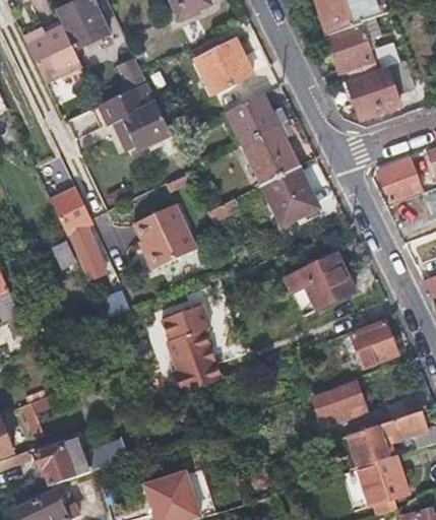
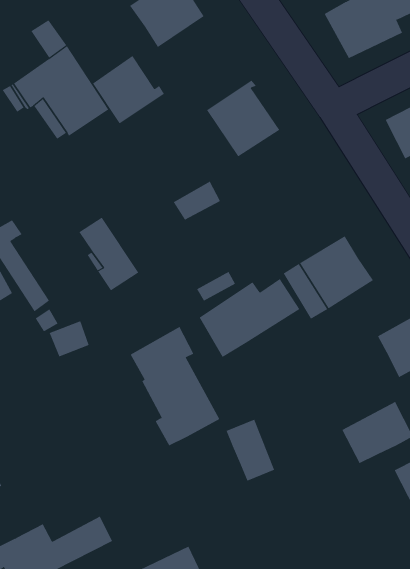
building: [227,92,281,143] -> [92,55,165,124]
building: [262,166,316,222] -> none
building: [153,202,198,259] -> none
building: none -> [199,278,300,358]
building: none -> [226,419,275,481]

